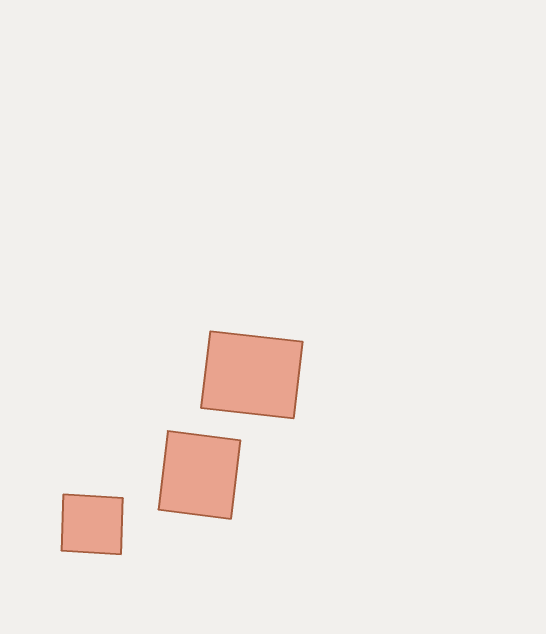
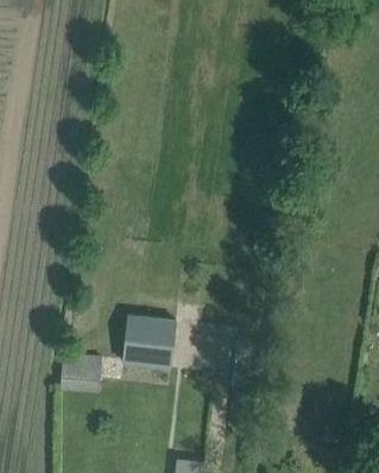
building: [201,331,302,418] -> none

